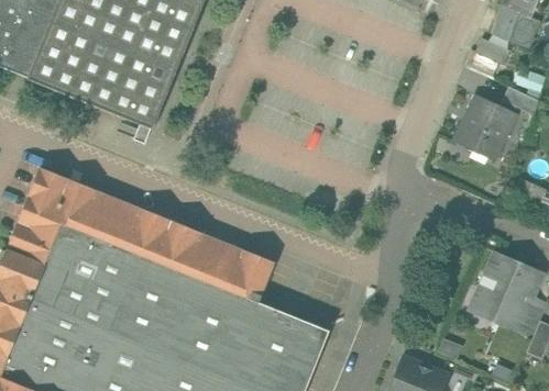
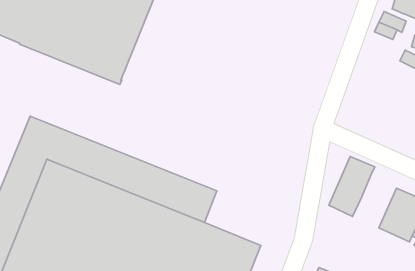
building: [452,96,516,161] -> none
building: none -> [329,157,375,216]

